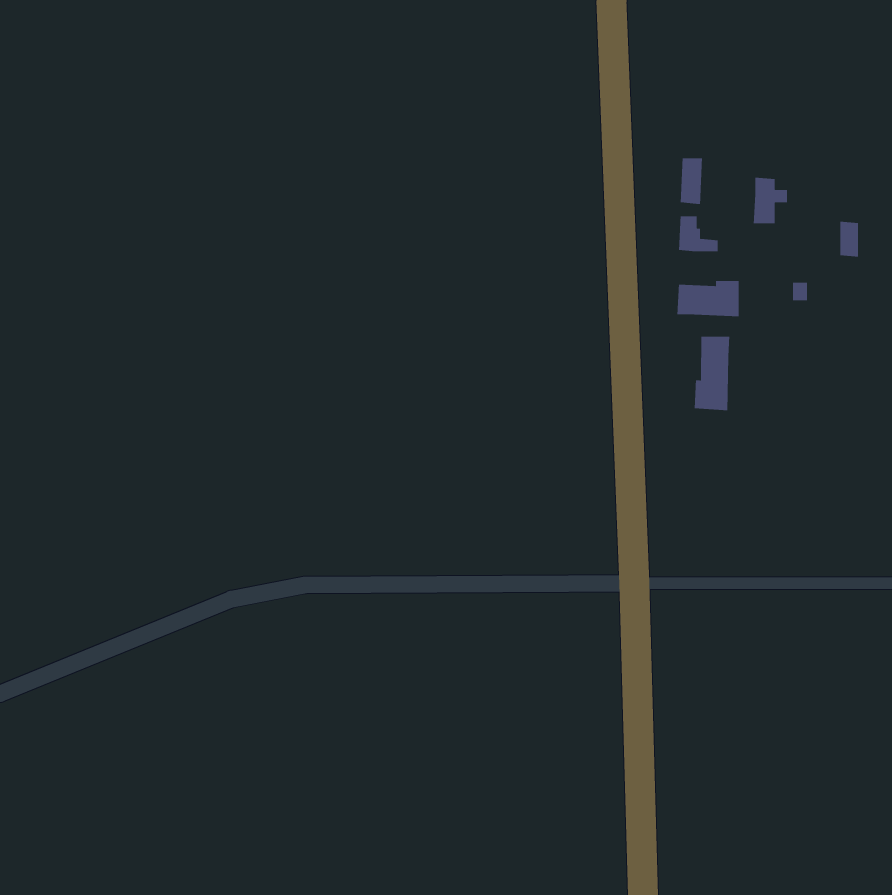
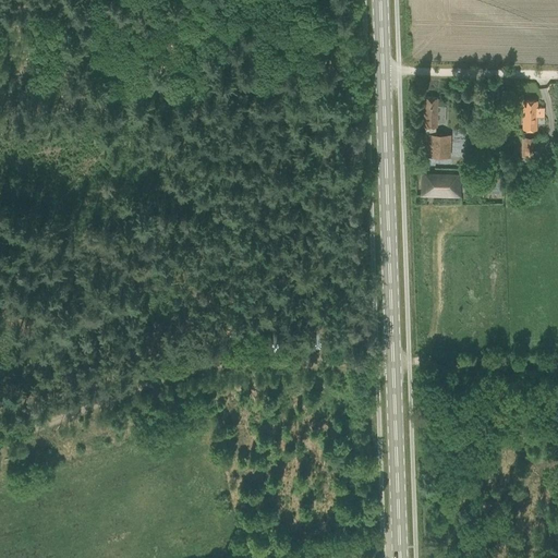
building: [753,177,788,224] -> [524,100,546,130]
building: [694,336,730,411] -> none

